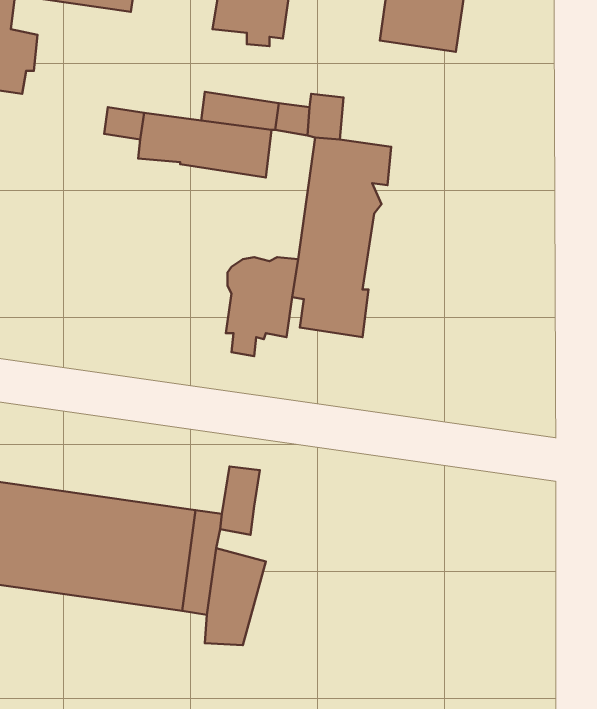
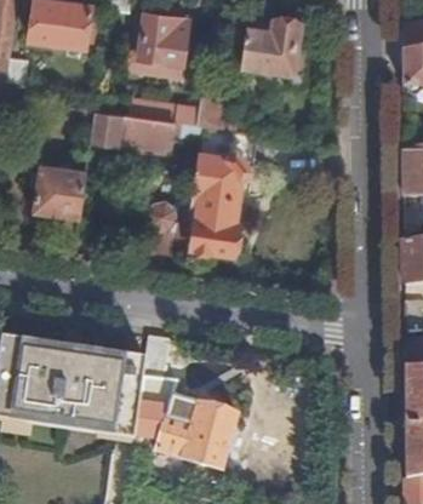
building: none -> [30,162,85,218]
building: none -> [156,396,235,466]

